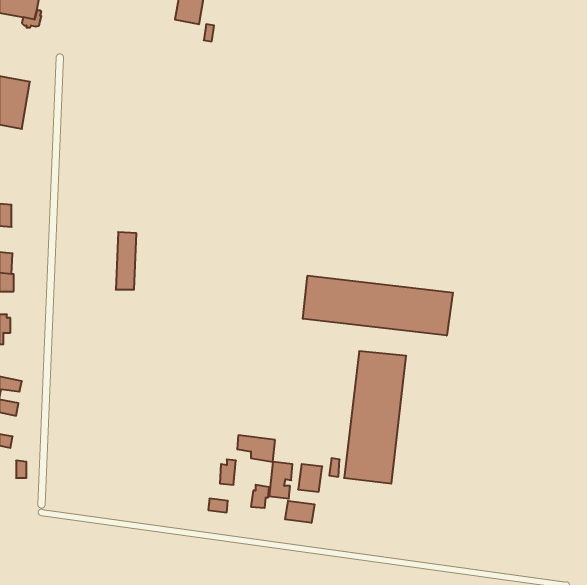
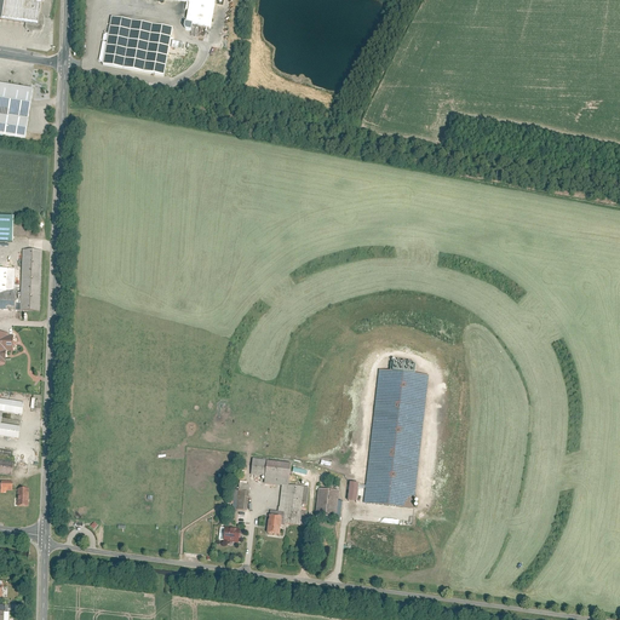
building: none -> [103,15,171,71]
building: [116,232,136,290] -> [19,247,41,308]
building: [303,276,453,336] -> none
building: [285,501,314,523] -> none

